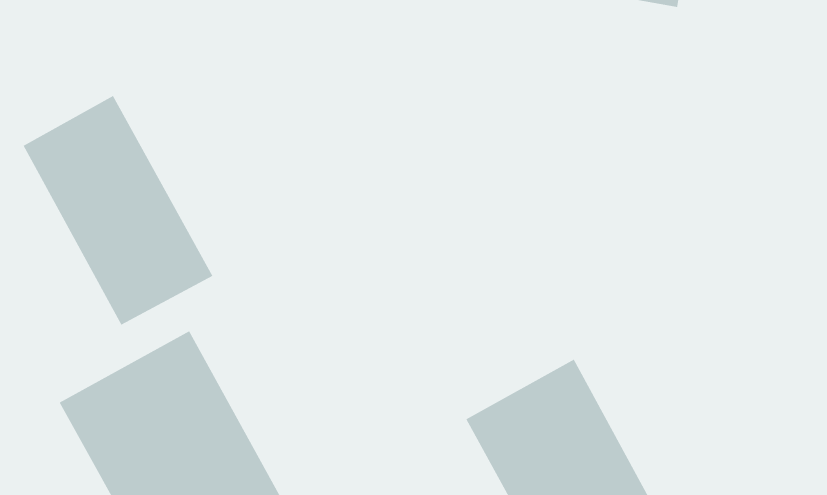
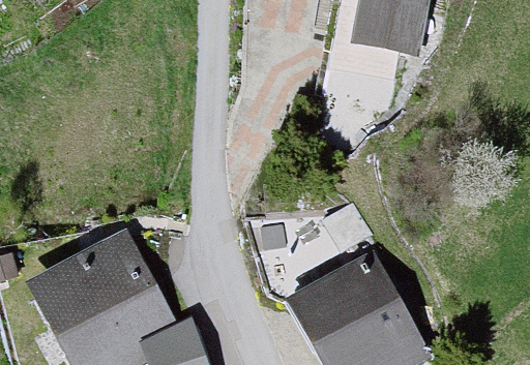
building: [23,95,213,325] -> none

